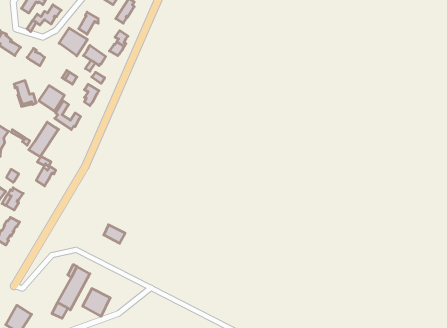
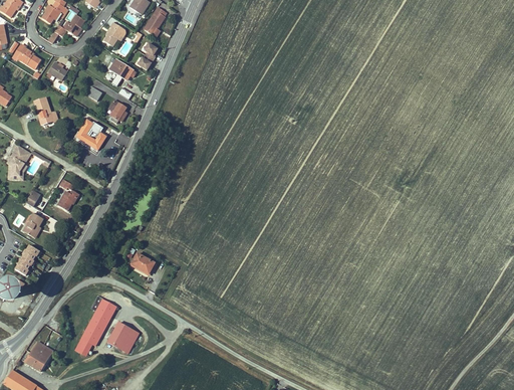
building: [59,28,87,56] -> none
building: [39,86,64,111] -> none
building: [29,122,59,157] -> none

